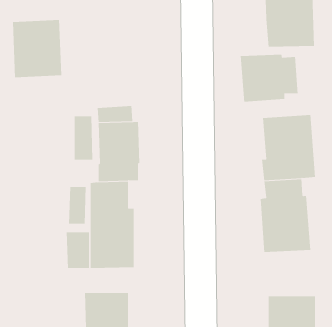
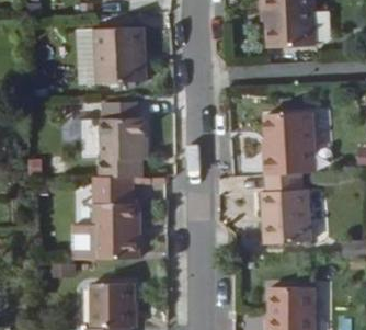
building: [12,20,62,78] -> [96,30,145,86]
building: [240,54,298,102] -> none

